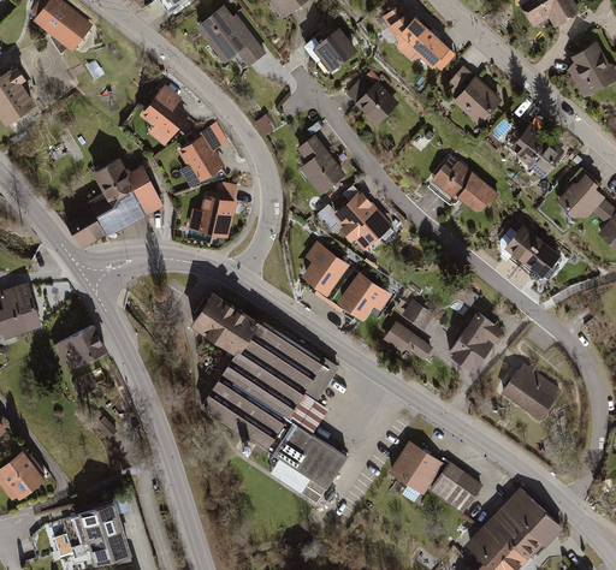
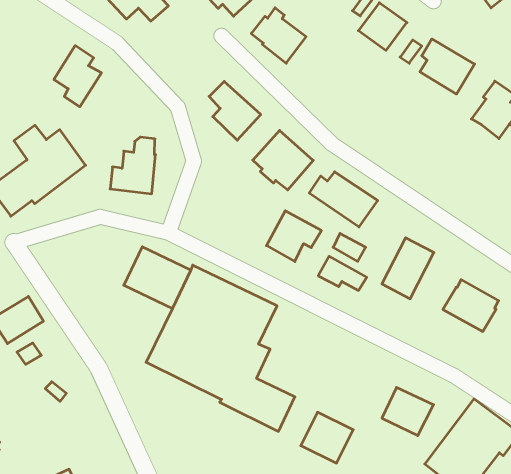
building: [177,127,224,189] -> none
building: [431,161,498,219] -> [309,172,378,227]
building: [505,221,563,277] -> none
building: [300,243,348,298] -> none
building: [389,443,443,495] -> [301,412,353,463]

